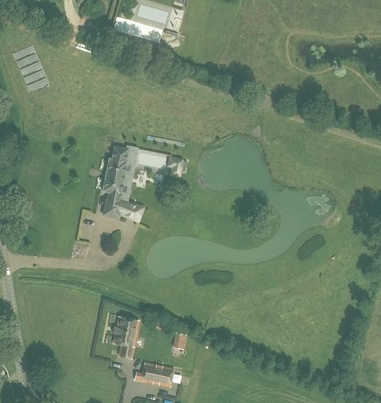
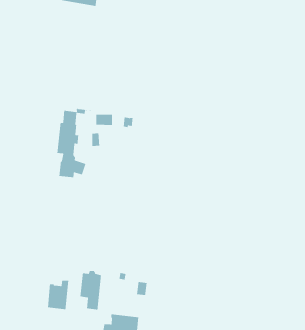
building: none -> [47,280,69,310]

